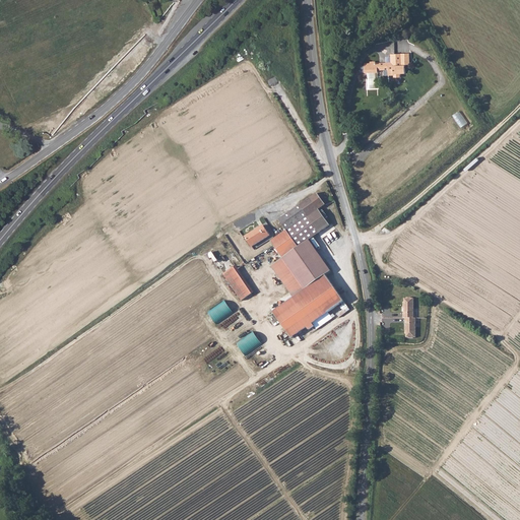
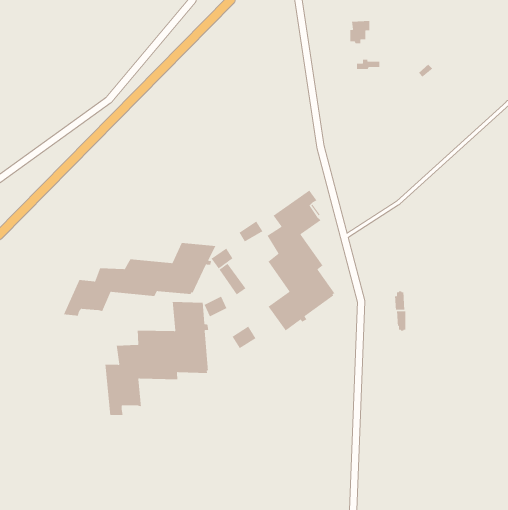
building: [387,53,408,77] -> [349,20,370,44]
building: none -> [63,242,216,316]
building: none -> [104,301,209,416]

